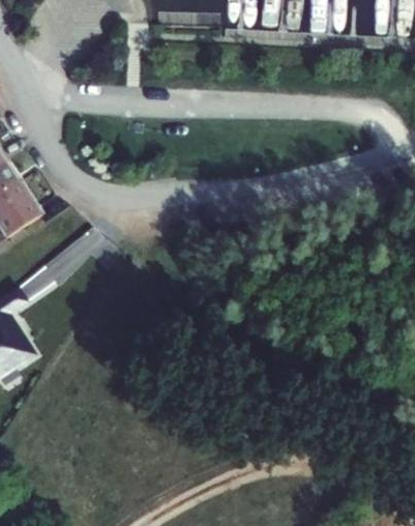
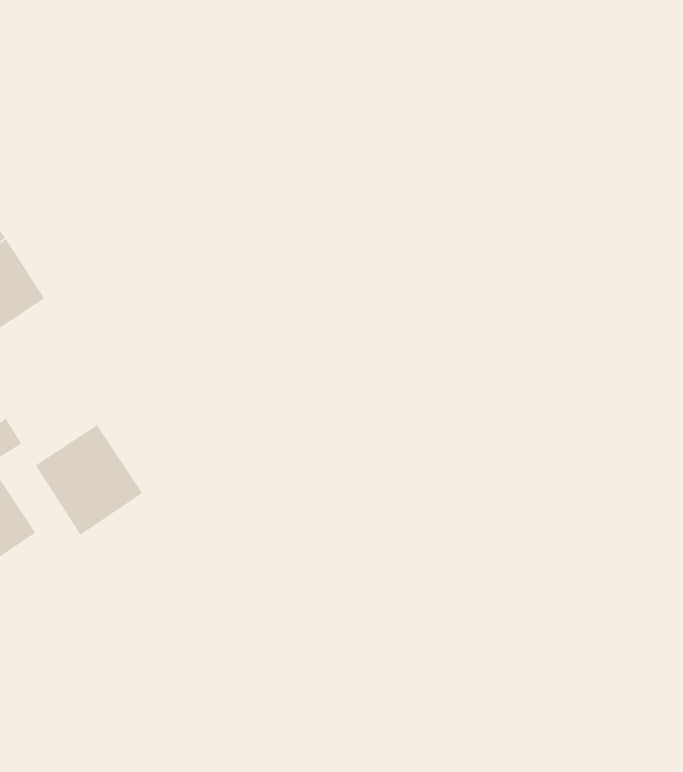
building: none -> [35,424,143,536]

